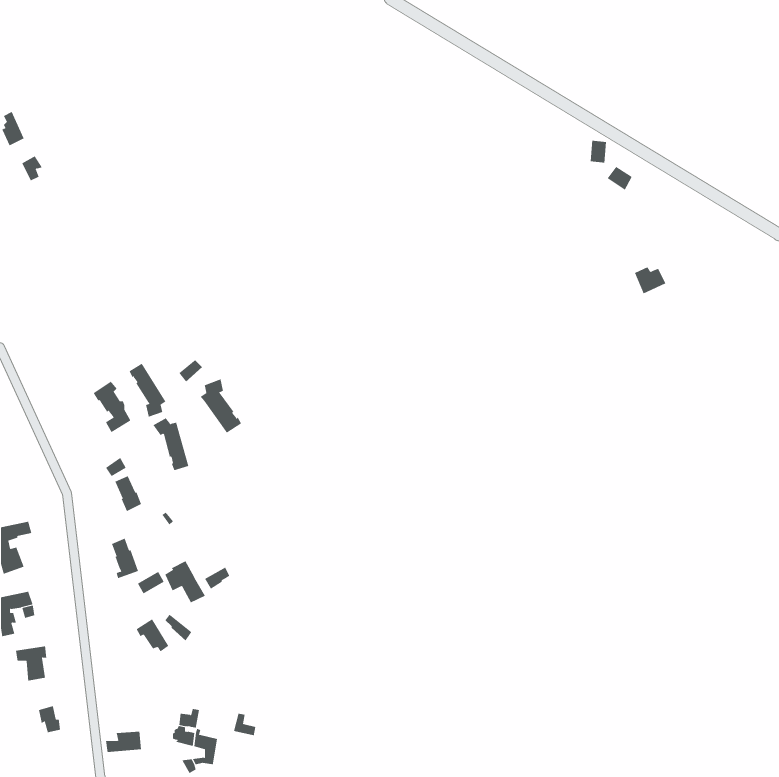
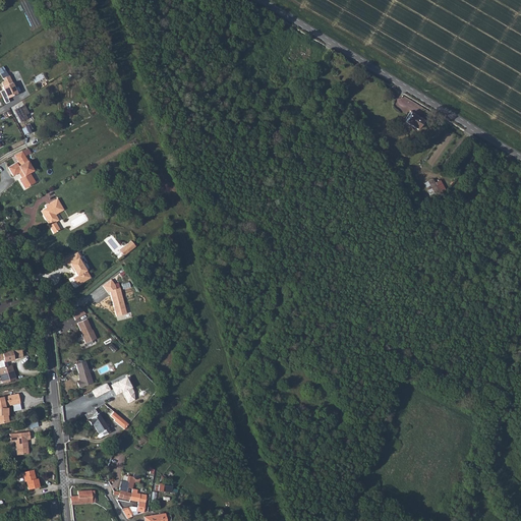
building: none -> [7,152,35,189]
building: none -> [42,198,64,234]
building: [129,363,166,417] -> none
building: [200,378,242,433] -> none

